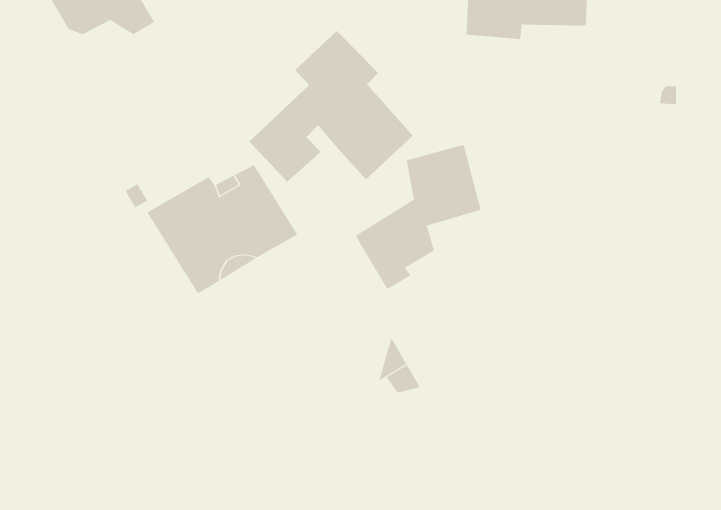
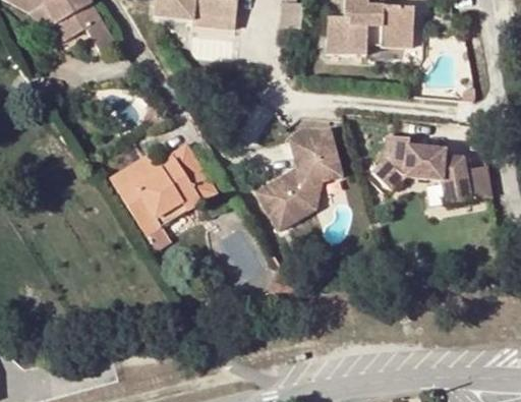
building: [249,30,413,183] -> none
building: none -> [375,133,497,200]

